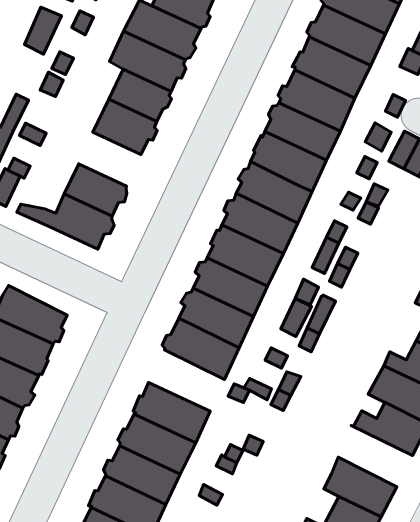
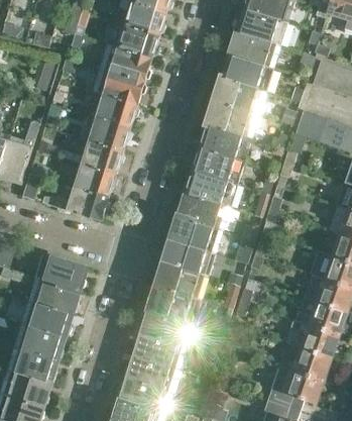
building: none -> [61,139,123,174]
building: none -> [145,284,200,322]
building: none -> [283,319,337,357]

